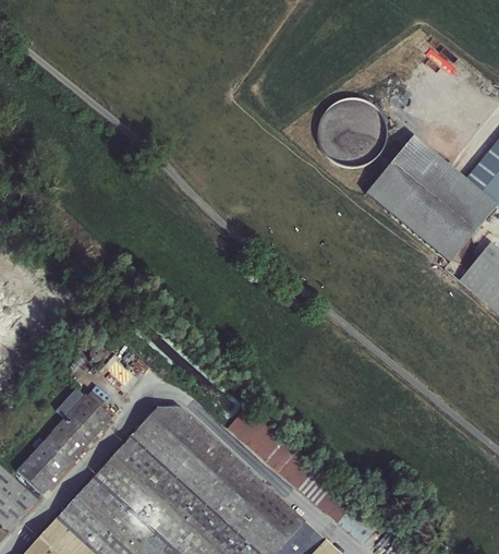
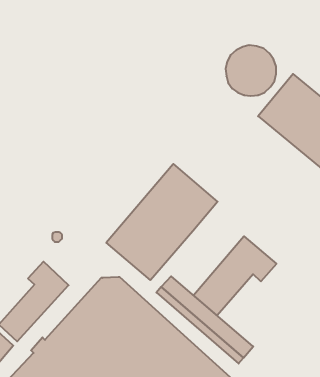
building: none -> [106,164,218,280]
building: none -> [193,236,276,315]

